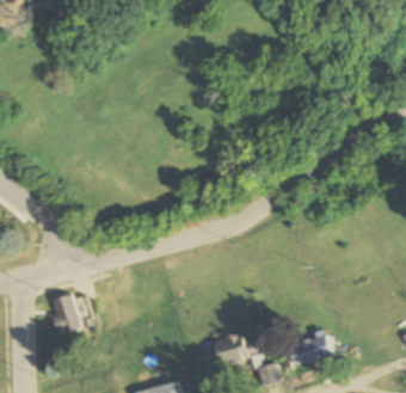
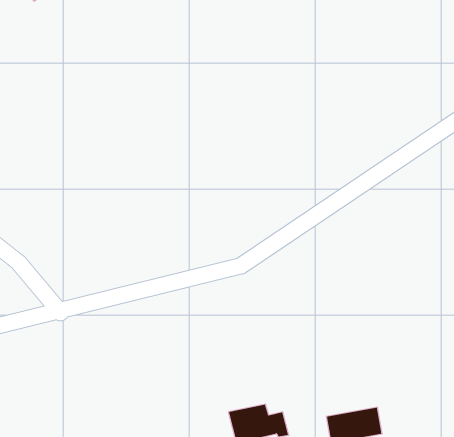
building: [51,297,80,334] -> none

